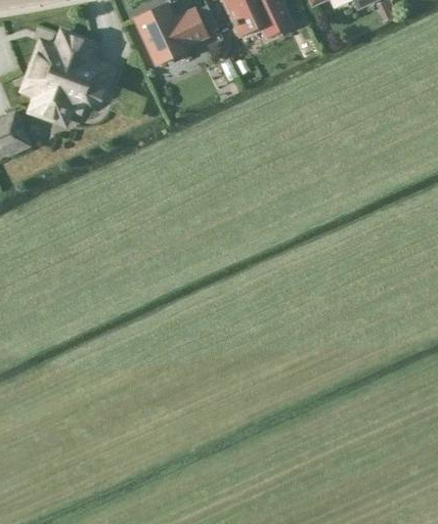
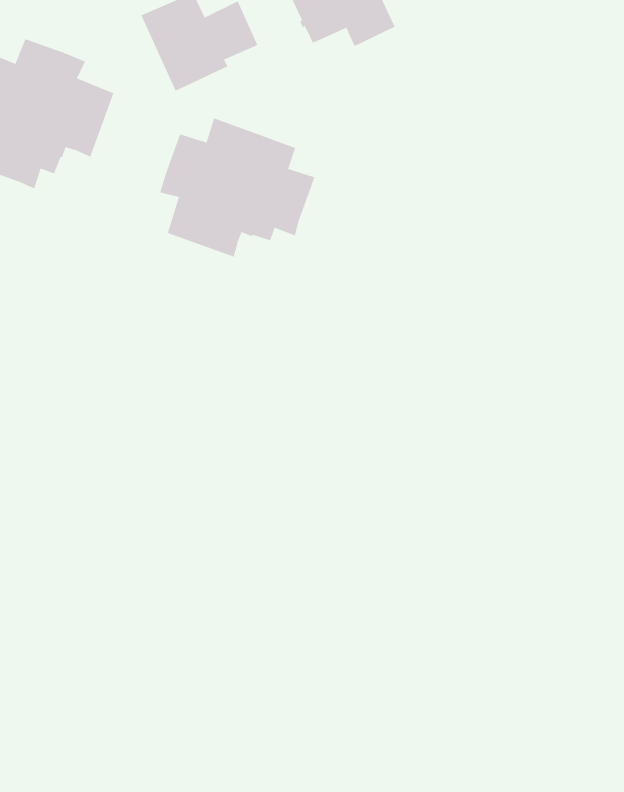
building: none -> [160,118,315,257]

